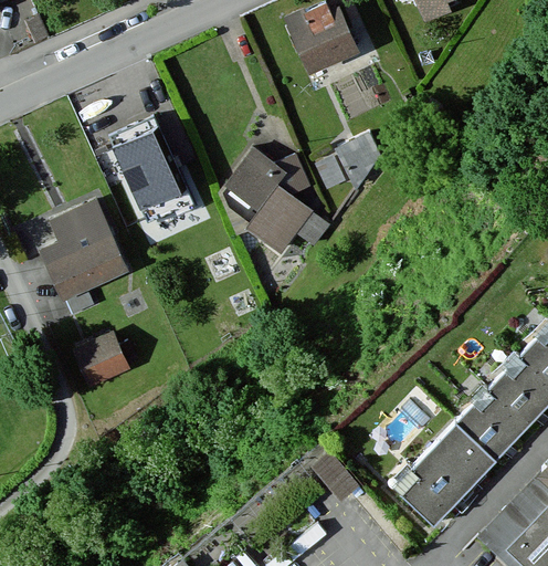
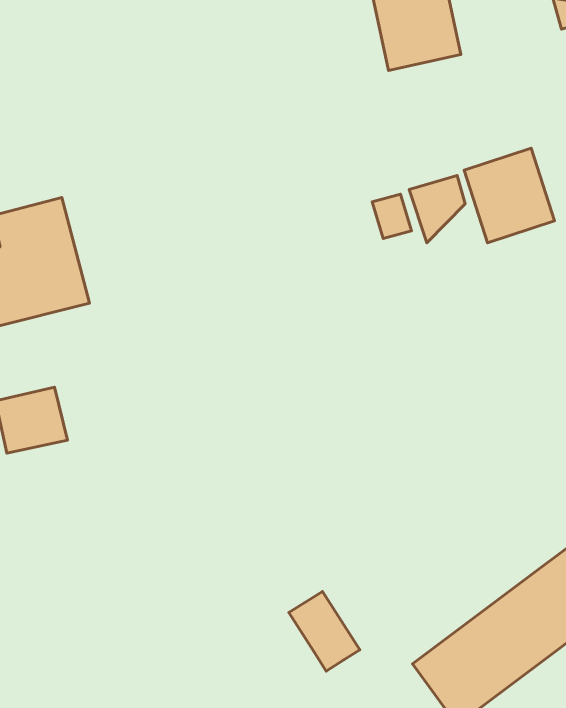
building: none -> [464,148,554,243]
building: [114,129,187,211] -> none
building: [228,149,329,252] -> none

